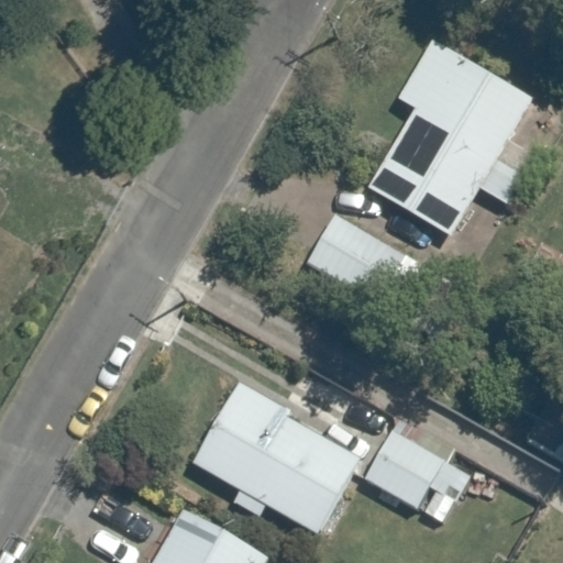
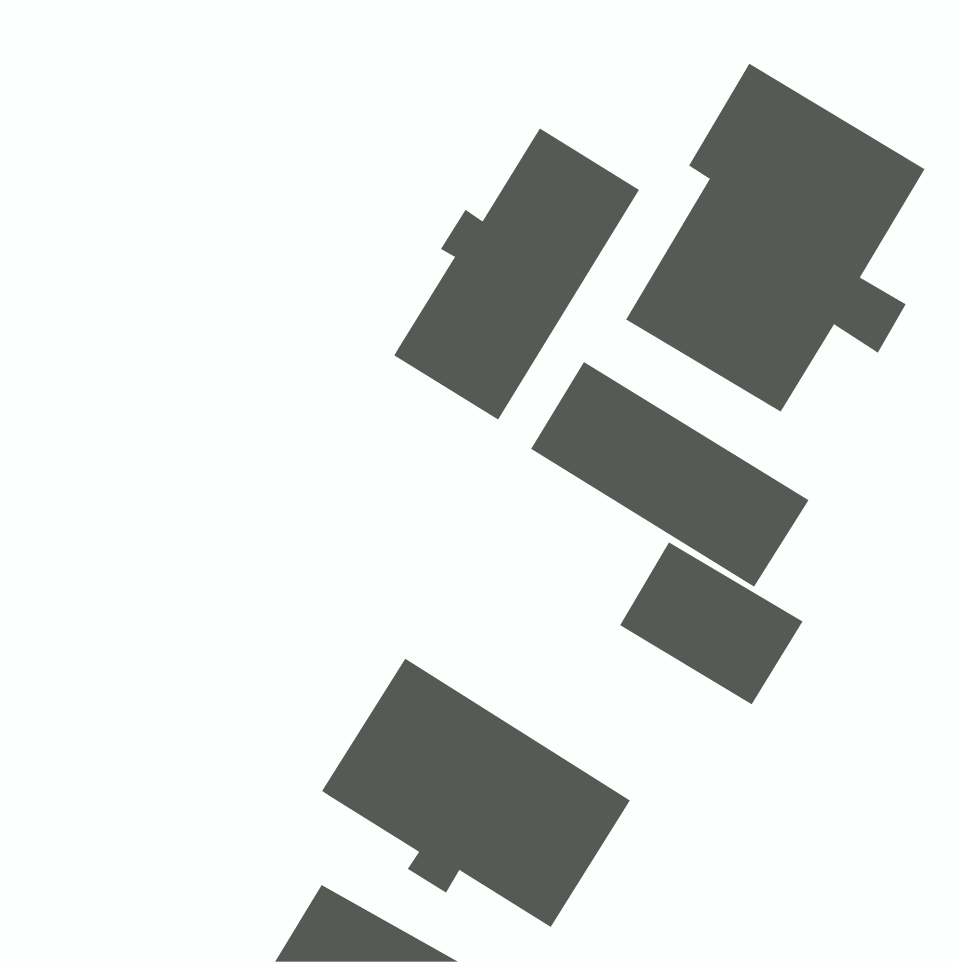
building: none -> [393,128,640,420]
building: [362,428,468,522] -> [619,542,803,705]

